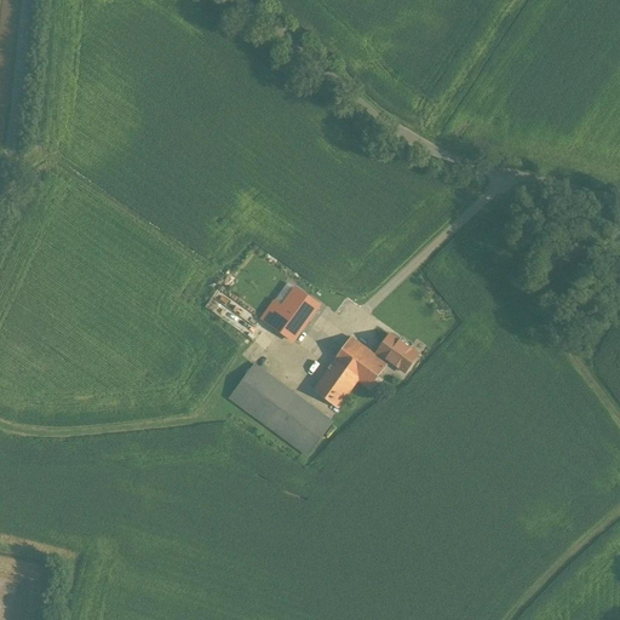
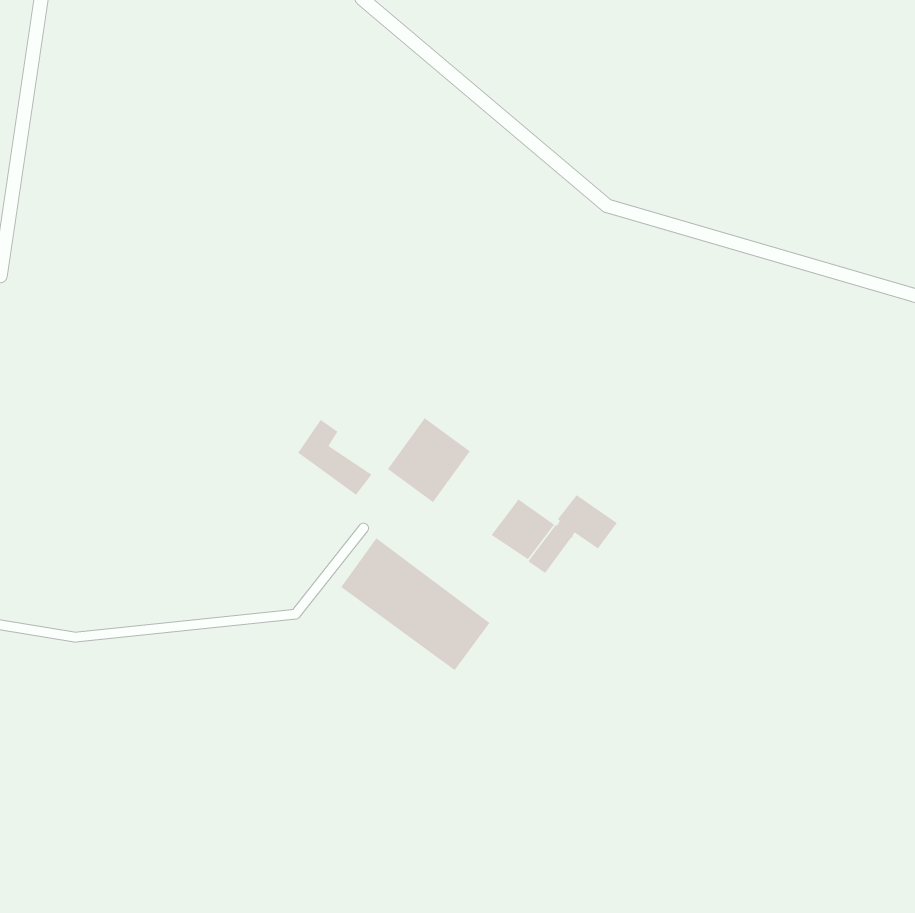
building: [312,362,357,407] -> none

